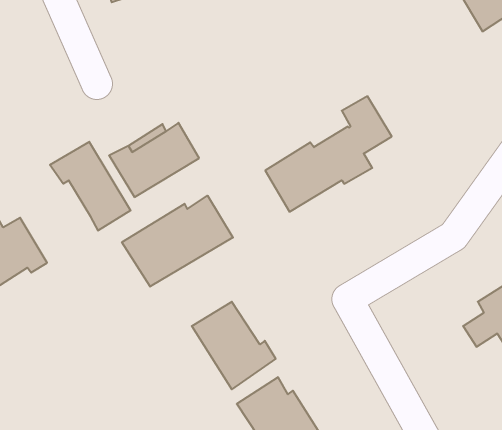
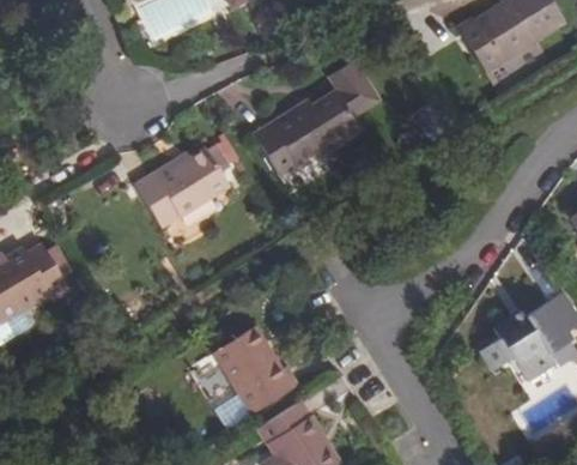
building: [265,96,392,212] -> [251,62,376,176]
building: [50,142,131,231] -> none
building: [122,196,233,287] -> none

